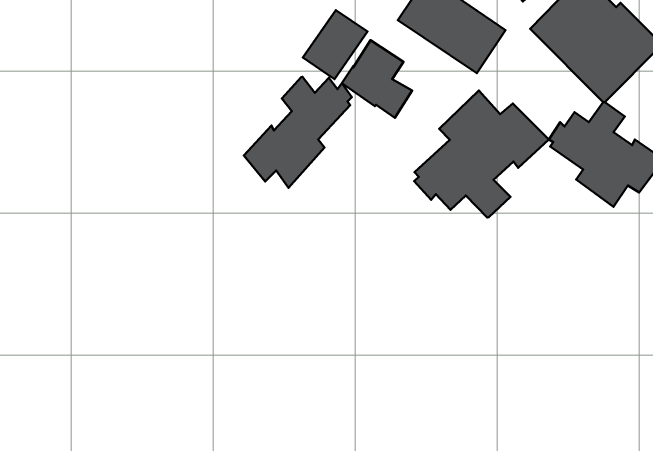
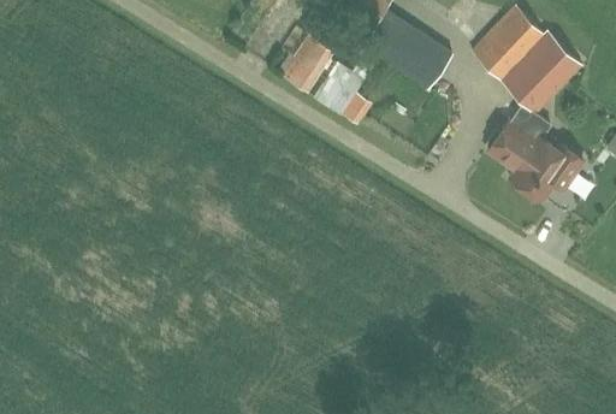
building: [244,77,352,188] -> none
building: [414,90,549,217] -> none

